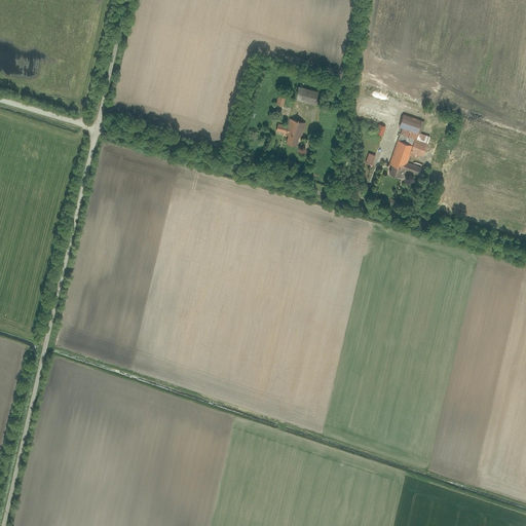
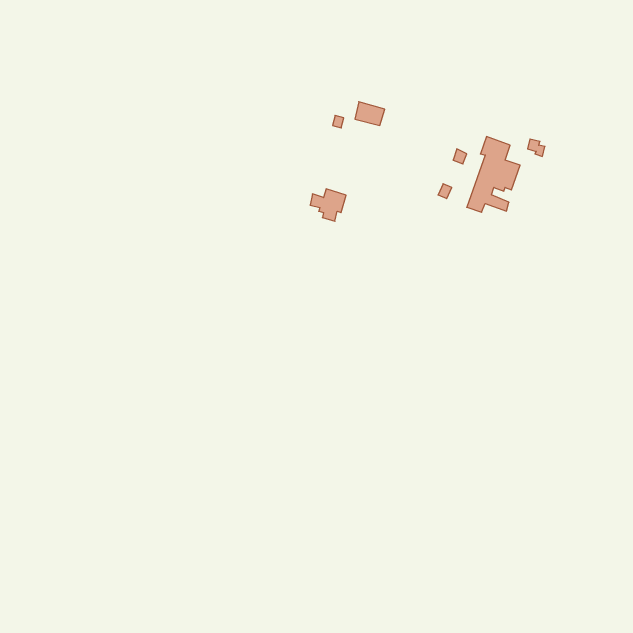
building: [276,119,306,146] -> [310,189,346,221]

